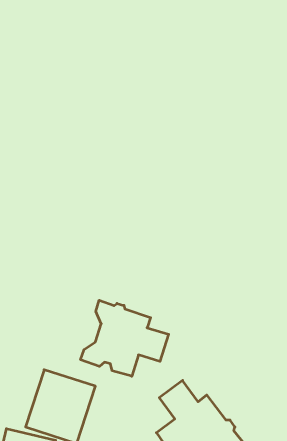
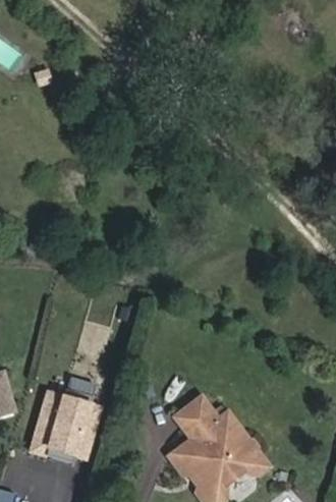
building: [81,300,169,376] -> none

